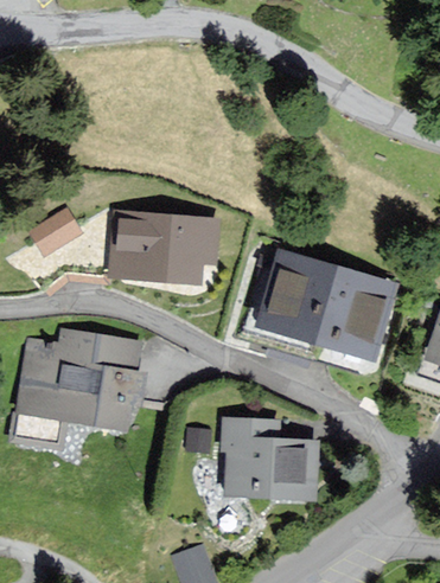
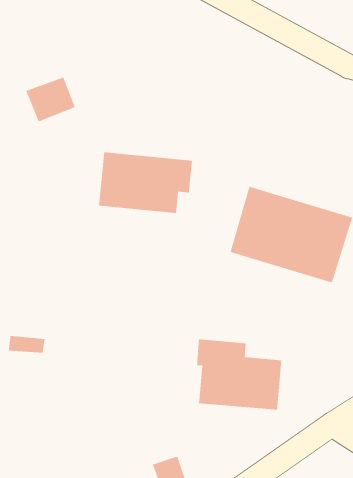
building: [25,203,81,254] -> [25,76,76,123]
building: [23,332,142,429] -> none

